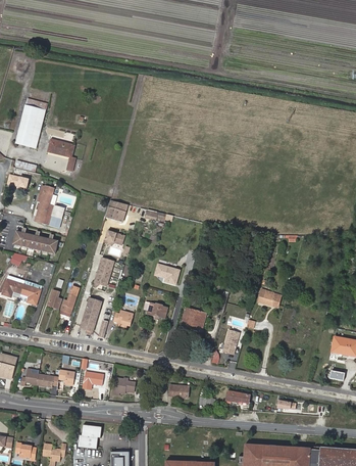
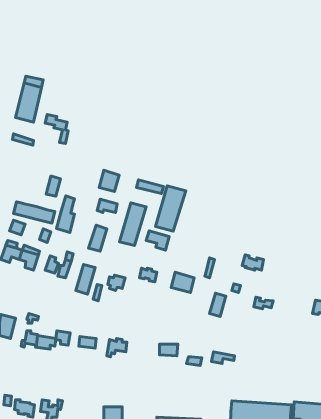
building: [35,185,54,224] -> [56,196,75,232]
building: none -> [156,186,186,231]
building: none -> [120,203,146,245]
building: [78,424,101,450] -> none

